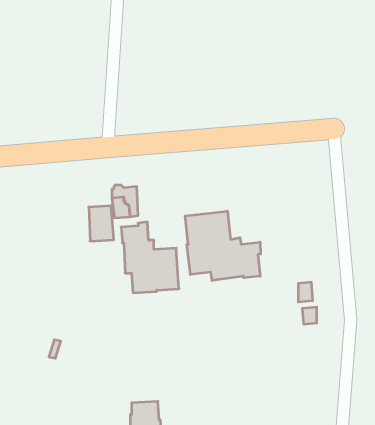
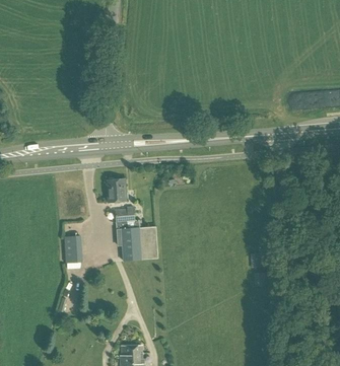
building: [89,206,114,241] -> [63,234,82,262]
building: [185,211,261,281] -> none

